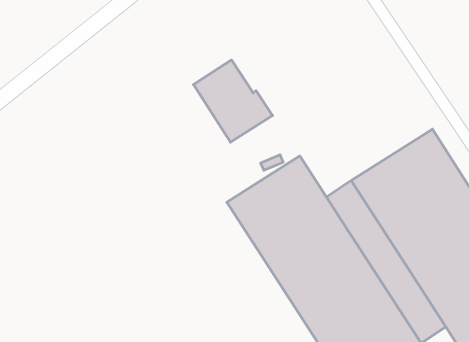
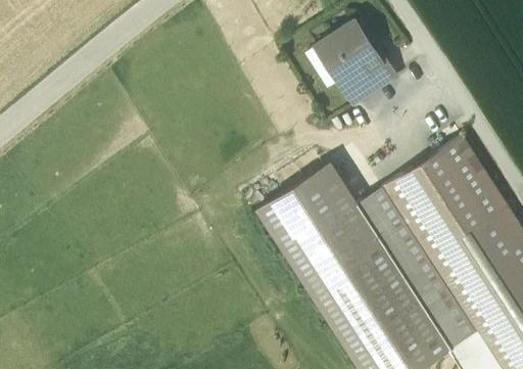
building: [193,60,273,142] -> [316,21,394,103]

